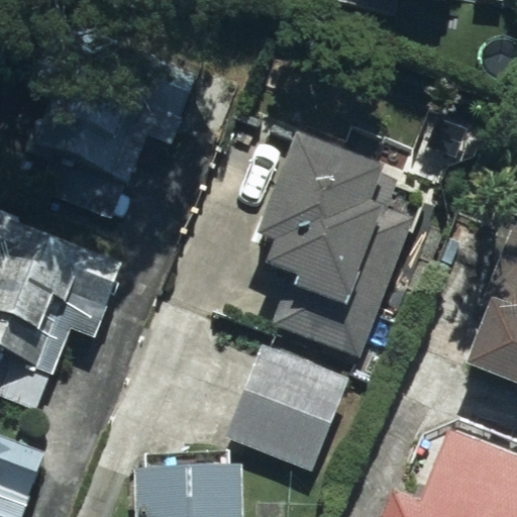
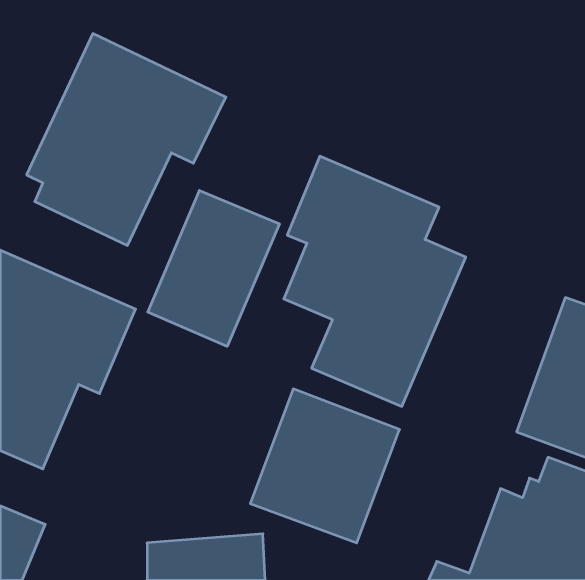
building: none -> [148,190,279,346]

